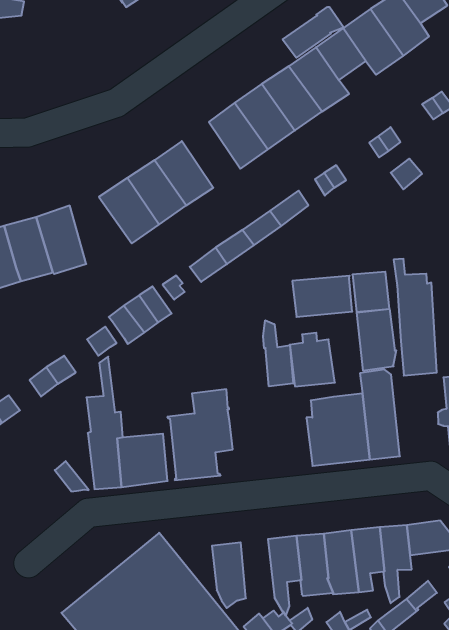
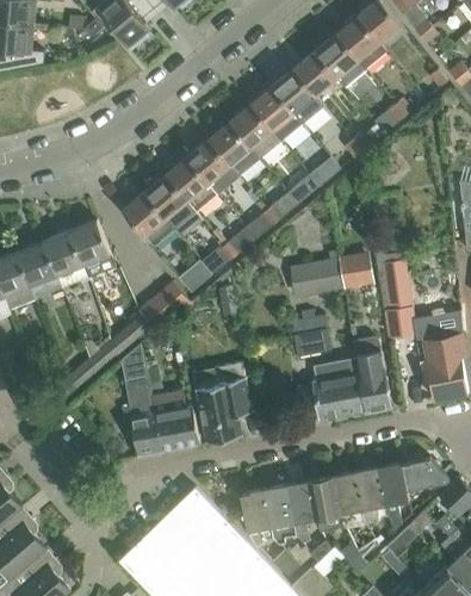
building: [283,7,344,58] -> none
building: none -> [186,139,237,194]
building: [357,309,396,371] -> none
building: [263,320,293,386] -> none
building: none -> [264,485,296,544]

